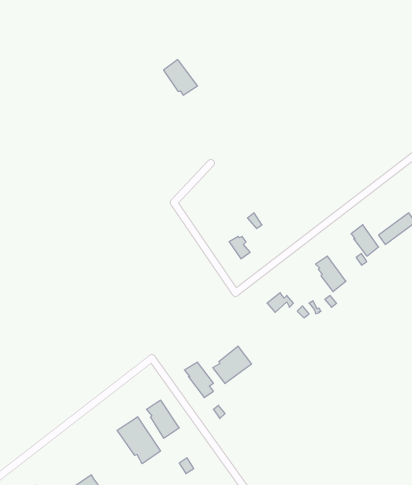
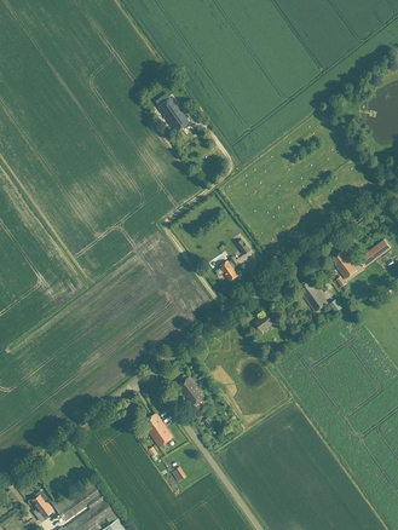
building: [213,346,251,384] -> none
building: [117,417,160,464] -> none

